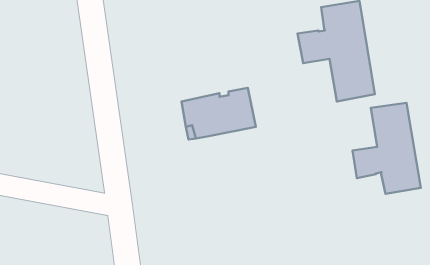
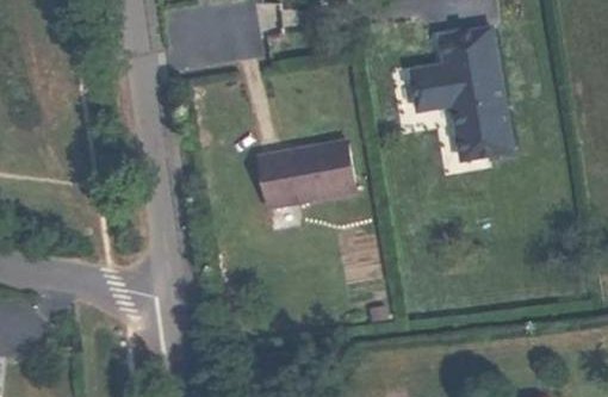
building: [353,103,421,194] -> none

